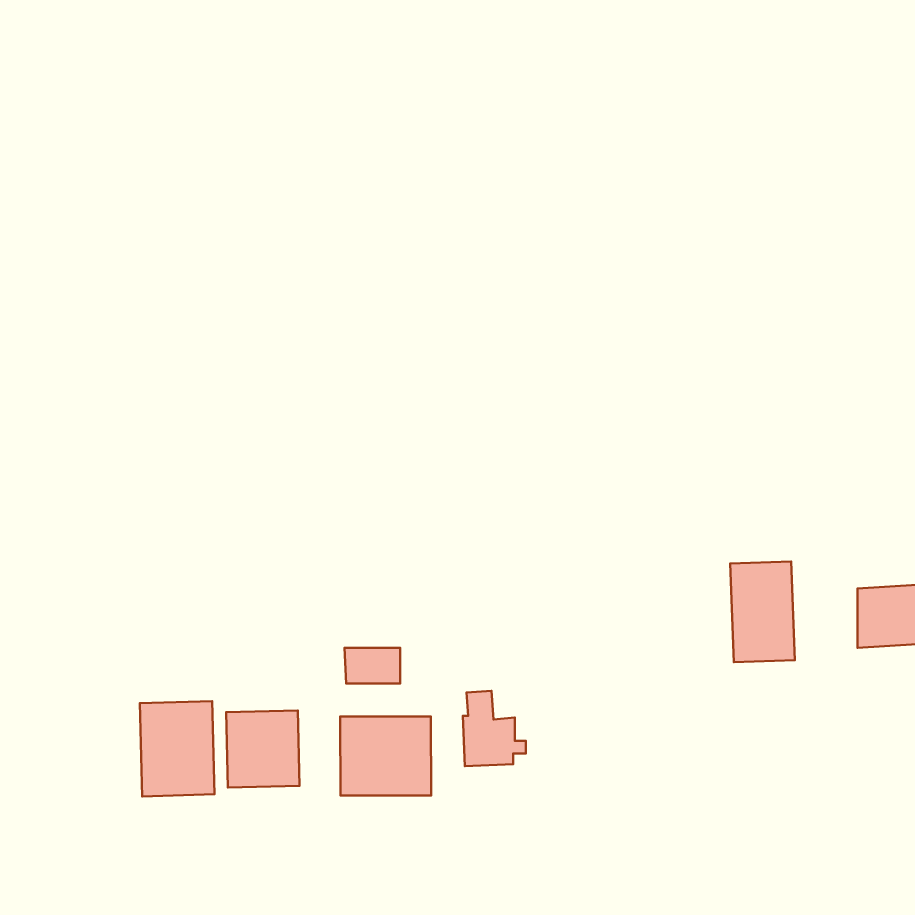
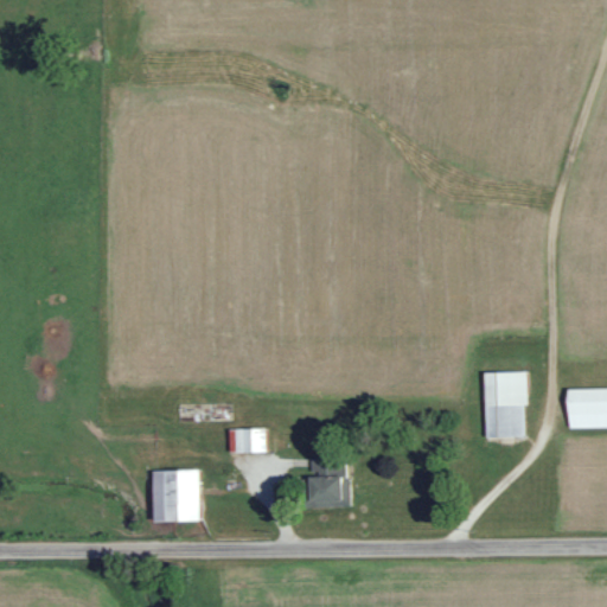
building: [140,701,214,796] -> none
building: [340,717,431,795] -> none

